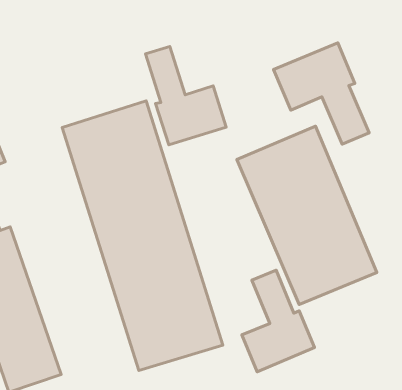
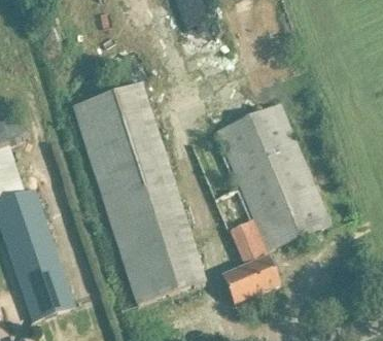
building: [273,43,369,144] -> none
building: [145,46,226,145] -> none

